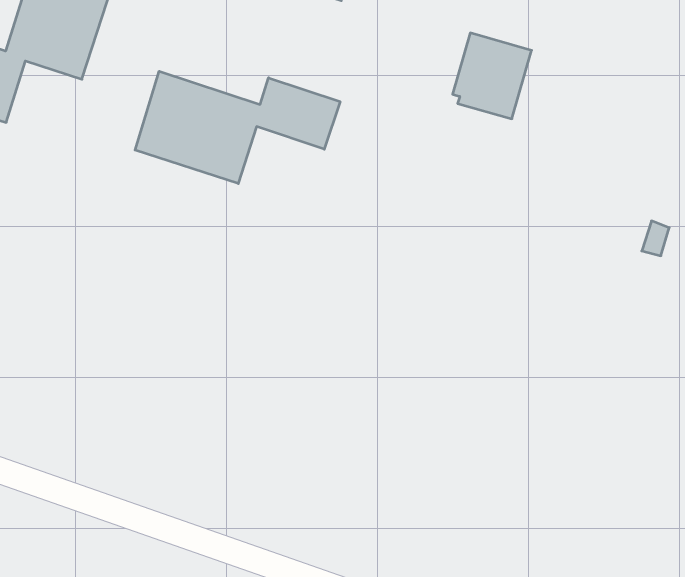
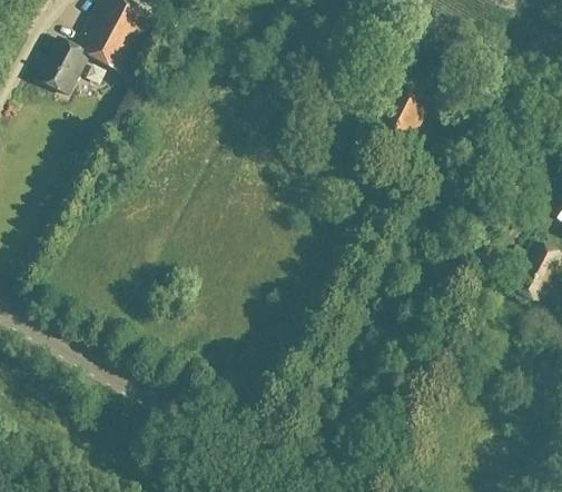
building: [135,71,340,184] -> none

